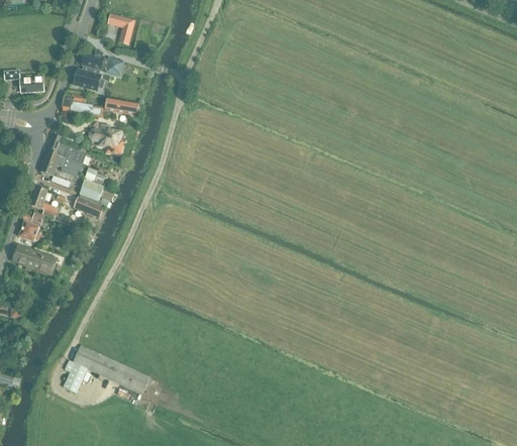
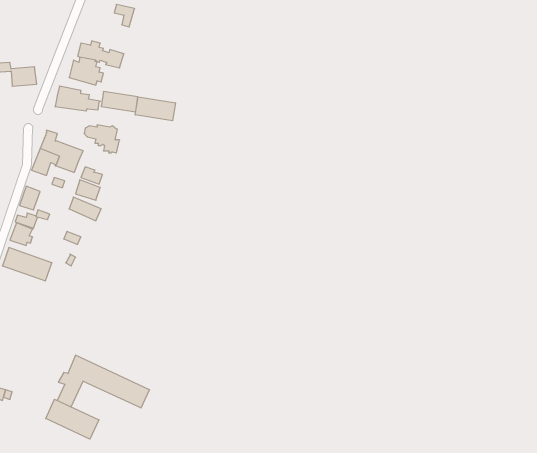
building: none -> [135,97,175,121]
building: none -> [46,399,99,439]

